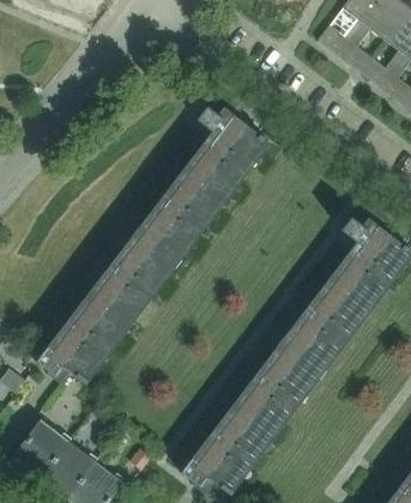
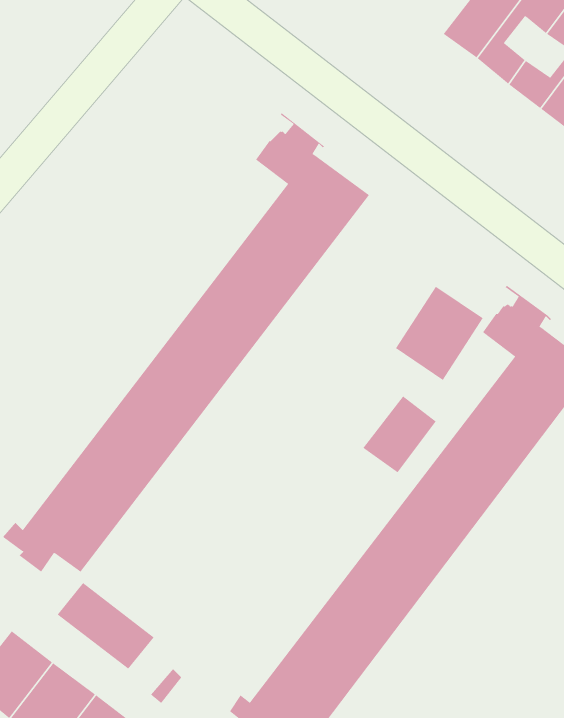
building: none -> [395,286,484,381]
building: none -> [363,395,437,473]
building: none -> [57,582,154,669]

